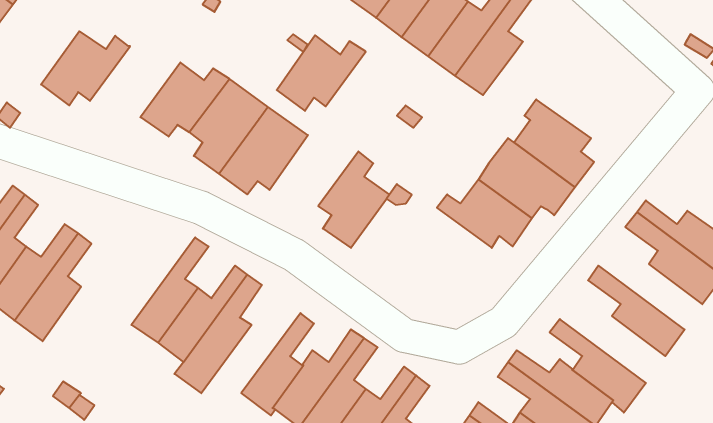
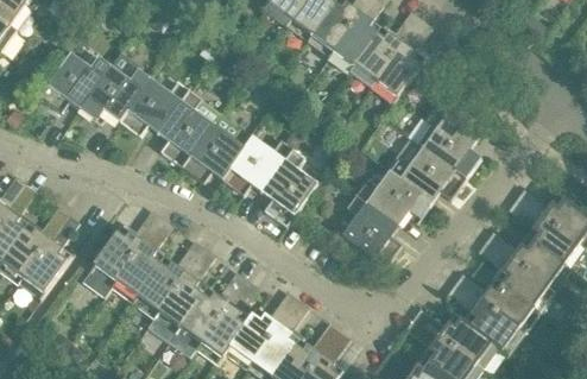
building: none -> [77,49,150,125]
building: [277,35,366,111] -> [221,135,292,196]
building: none -> [341,194,400,267]
building: none -> [80,209,162,297]
building: none -> [485,230,568,291]
building: none -> [166,271,246,358]
building: none -> [454,272,538,334]

